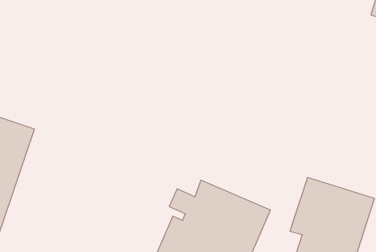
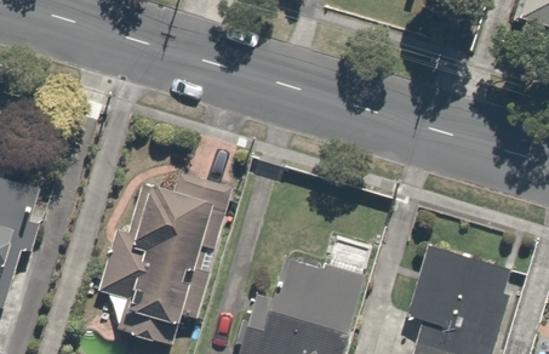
building: none -> [101,189,194,335]

